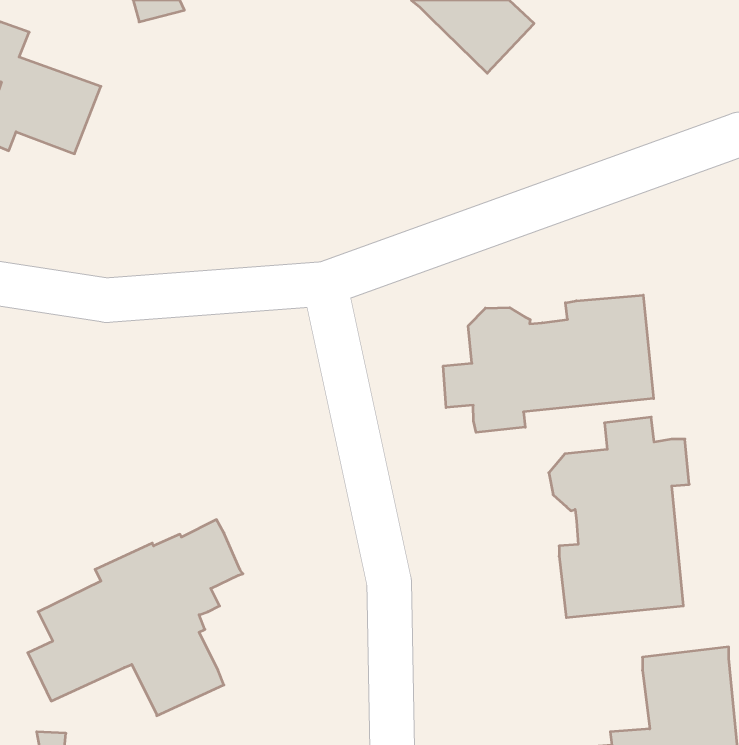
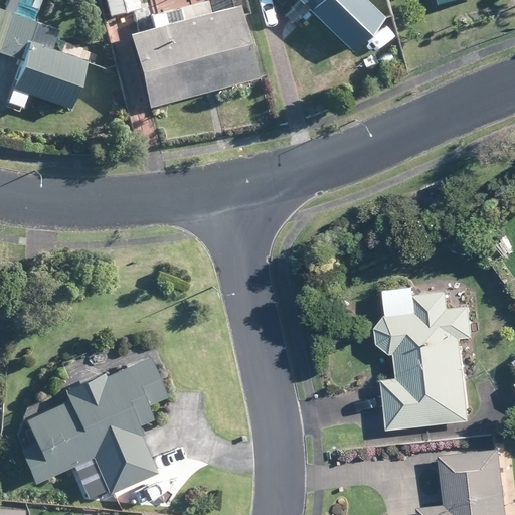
building: none -> [114,7,242,107]
building: [443,295,654,432] -> none

